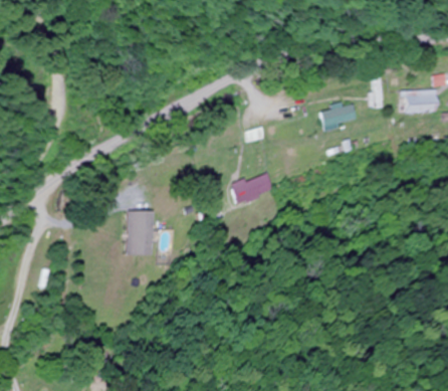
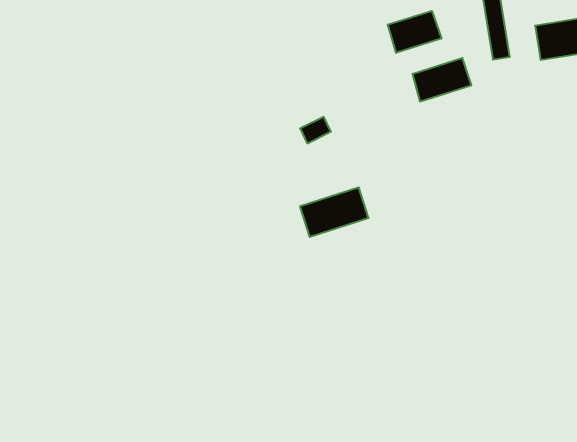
building: none -> [388,11,441,53]
building: [125,210,154,254] -> none

